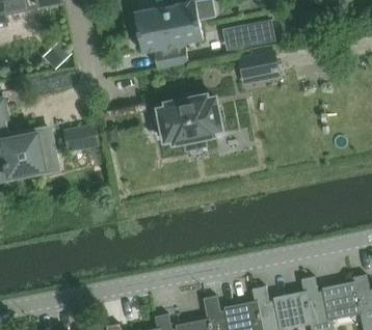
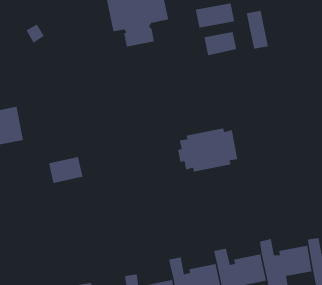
building: none -> [246,10,269,50]
building: [156,94,222,143] -> [177,127,238,172]
building: [62,121,101,152] -> [48,156,83,184]

